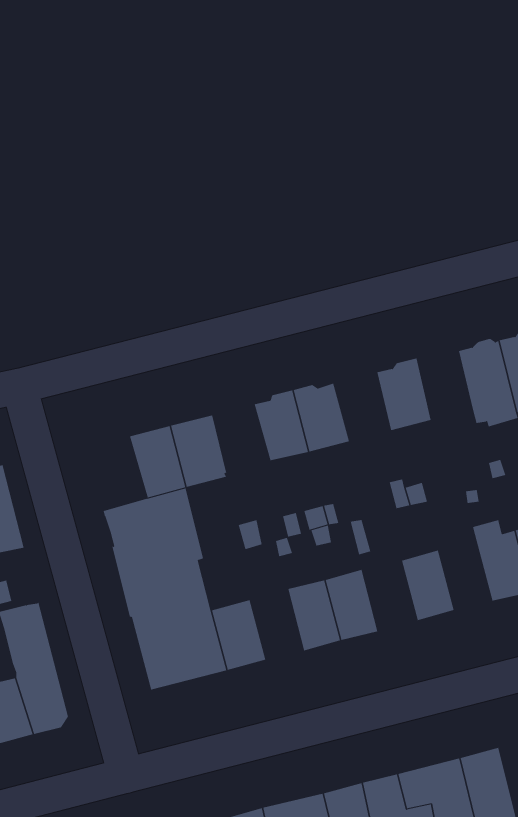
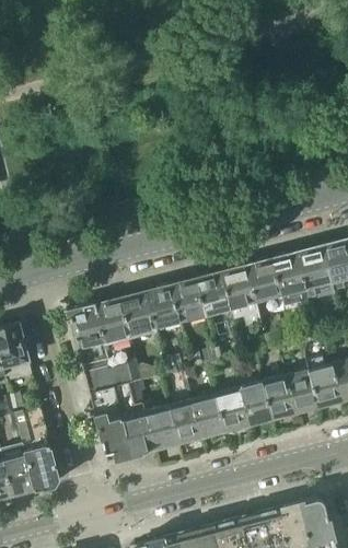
building: none -> [274,253,311,307]
building: none -> [222,266,263,328]
building: none -> [148,284,183,328]
building: none -> [69,303,107,351]
building: none -> [287,370,320,412]
building: none -> [240,382,274,425]
building: none -> [171,399,204,443]

